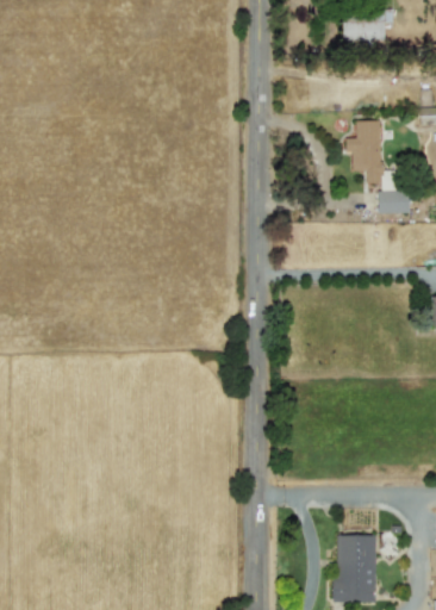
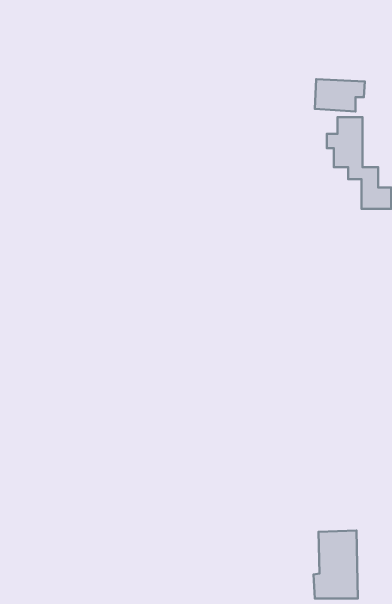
building: [344,10,394,42] -> [315,79,365,111]

